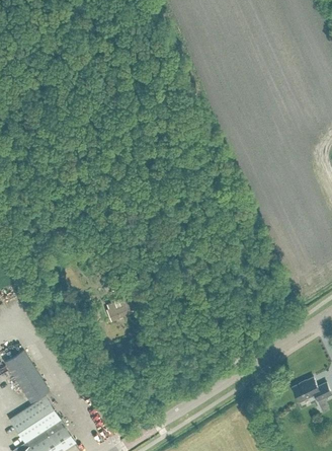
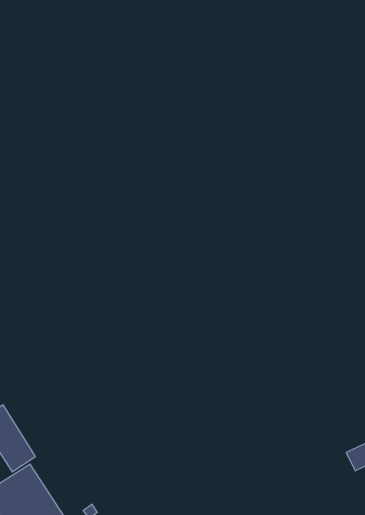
building: [106,300,134,322] -> none

